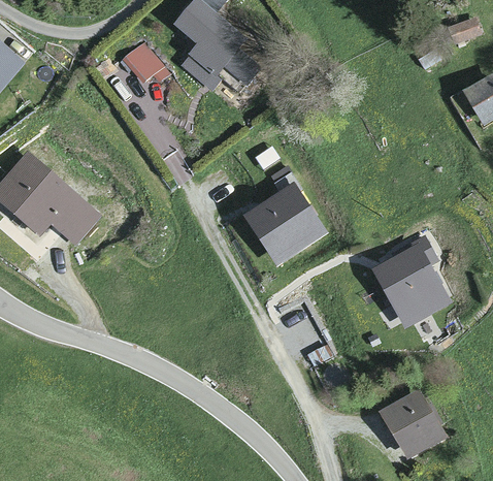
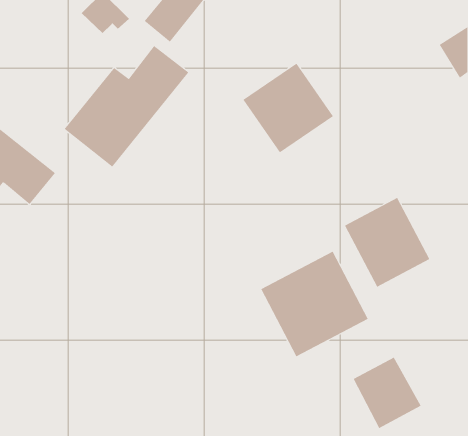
building: none -> [64,45,189,167]
building: [242,183,329,268] -> [242,63,334,153]
building: none -> [261,251,368,357]

